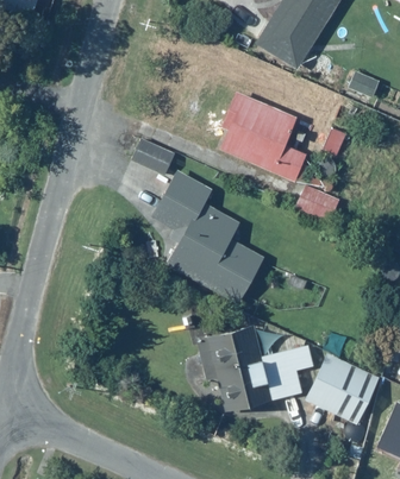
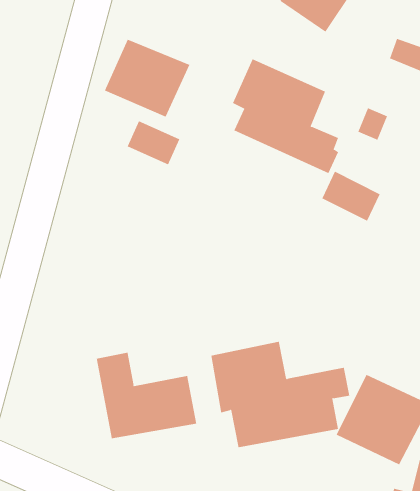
building: none -> [104,39,190,117]
building: [152,170,267,305] -> none
building: none -> [96,352,197,439]

